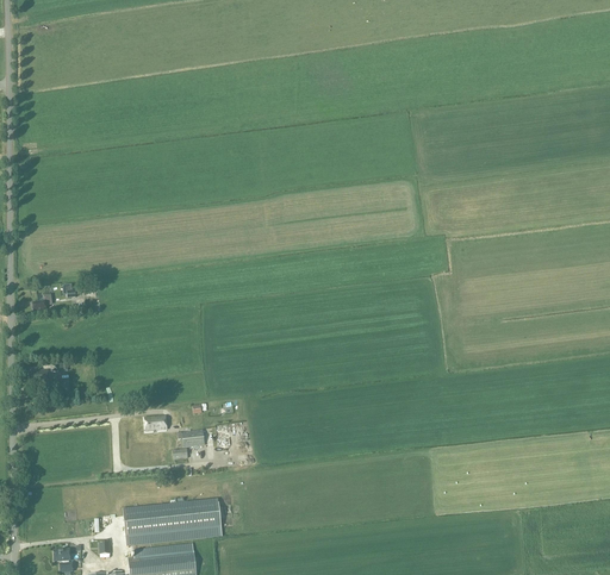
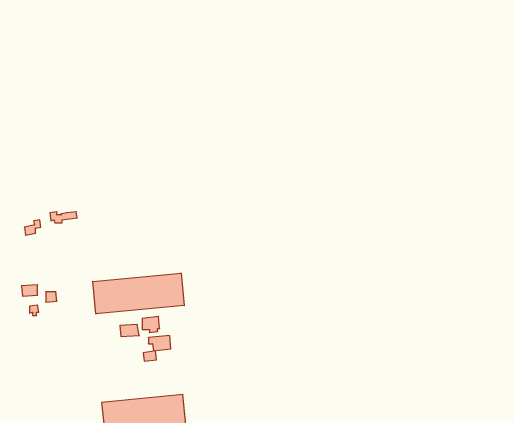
building: none -> [93,273,184,314]

